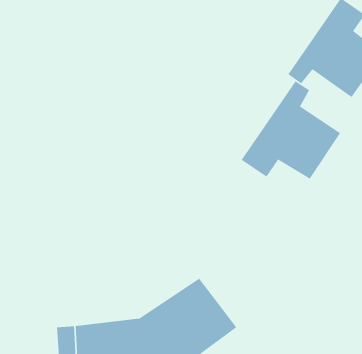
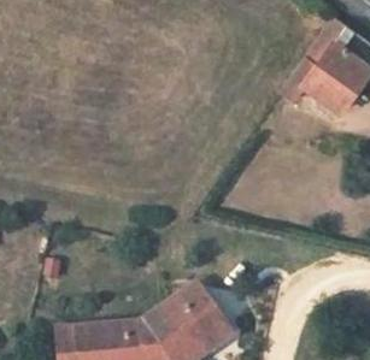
building: [241,81,341,179] -> none

